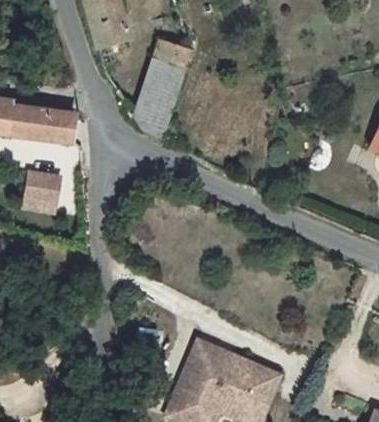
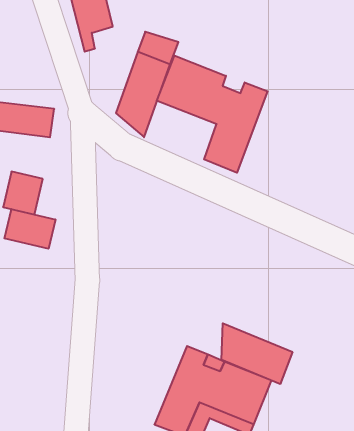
building: none -> [157,56,268,173]
building: none -> [4,209,55,249]
building: none -> [221,323,292,384]

